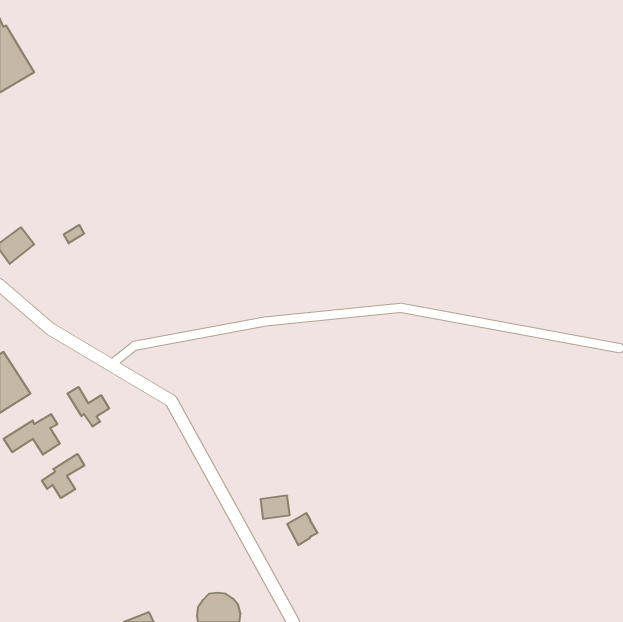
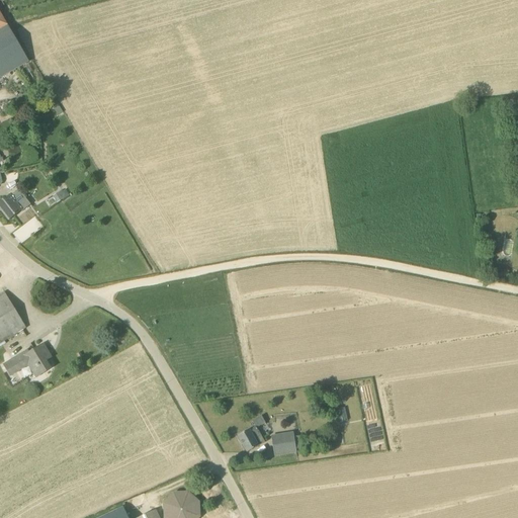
building: [67,387,109,427] -> none
building: [42,454,84,498] -> none
building: [260,496,290,519] -> [271,435,295,454]

